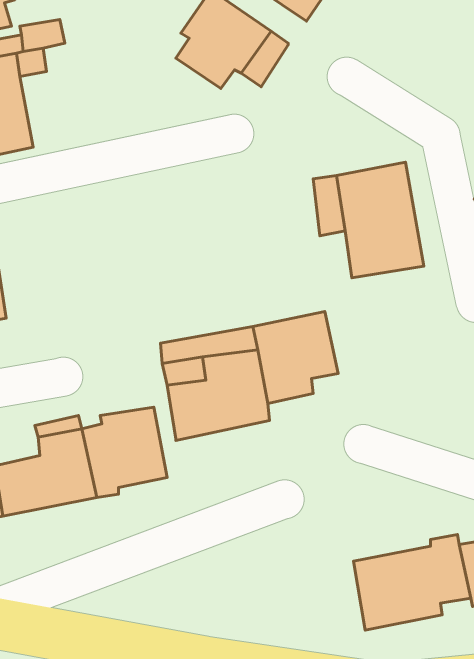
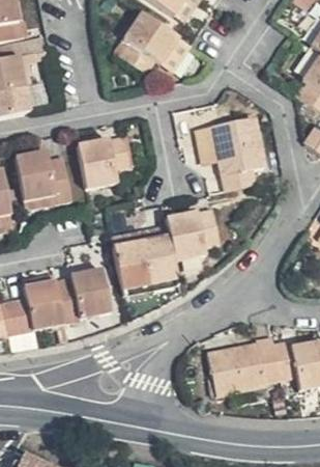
building: none -> [78,131,132,186]
building: none -> [17,147,70,207]

